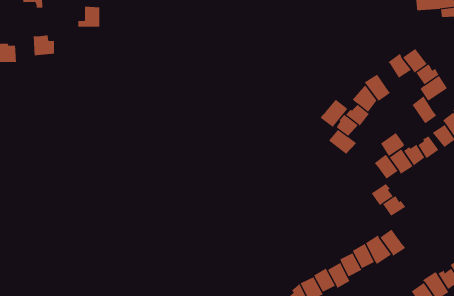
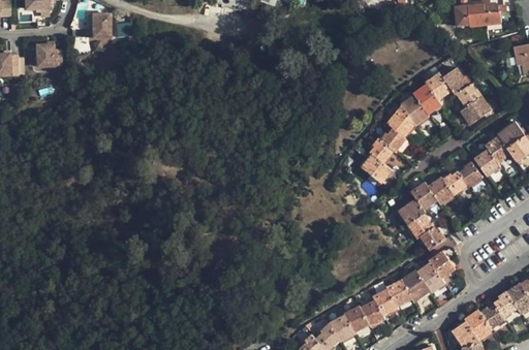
building: [412,96,437,124] -> [413,83,441,114]
building: [320,99,348,128] -> none
building: [380,132,405,157] -> [398,197,425,224]
building: none -> [429,250,455,278]

